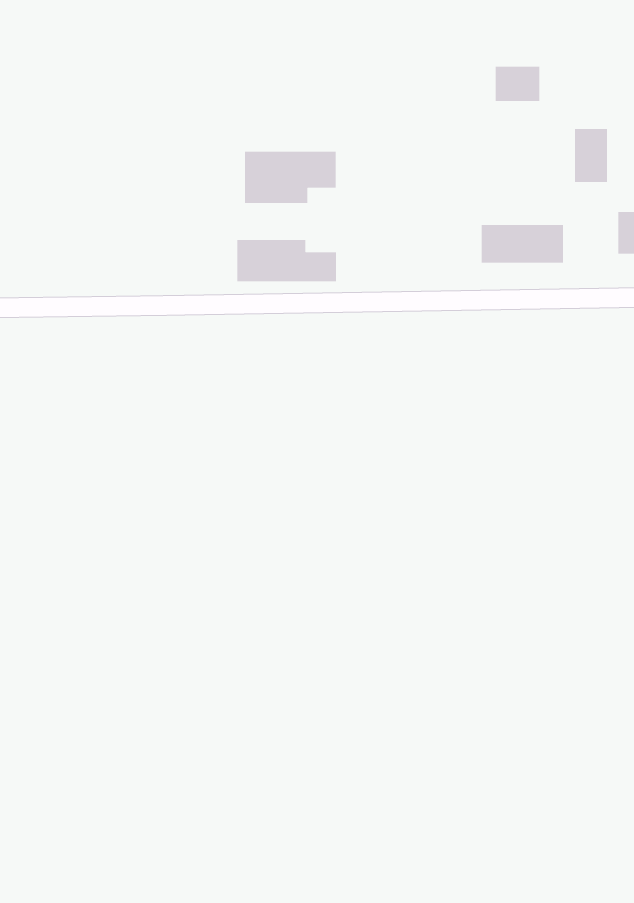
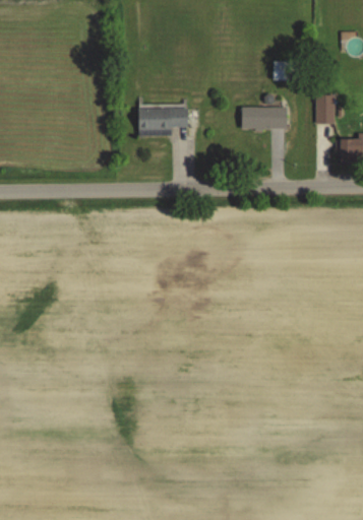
building: [481,224,564,264] -> [242,107,287,128]
building: [237,239,337,282] -> none

